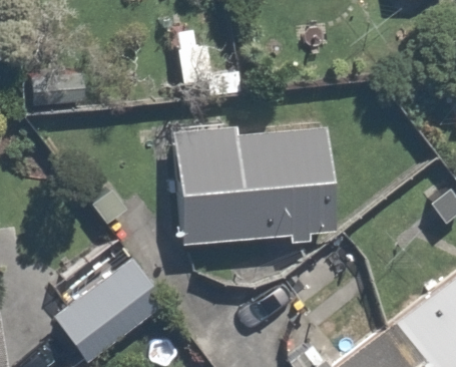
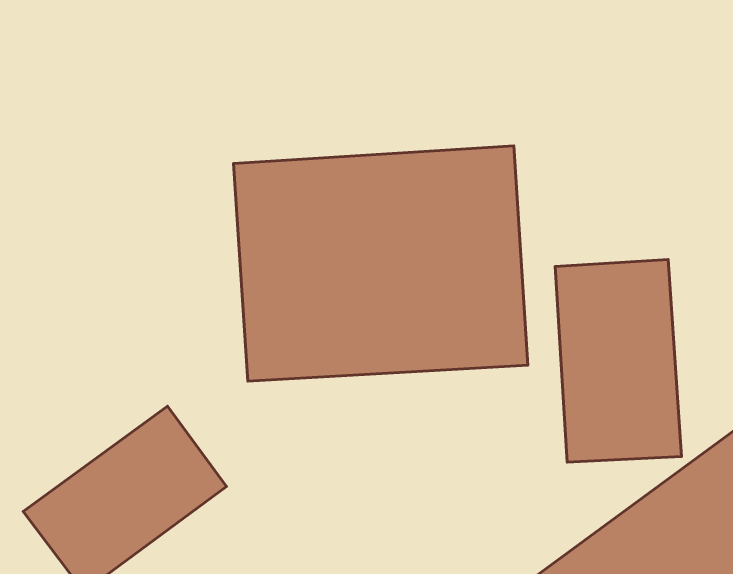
building: none -> [555,259,681,462]

